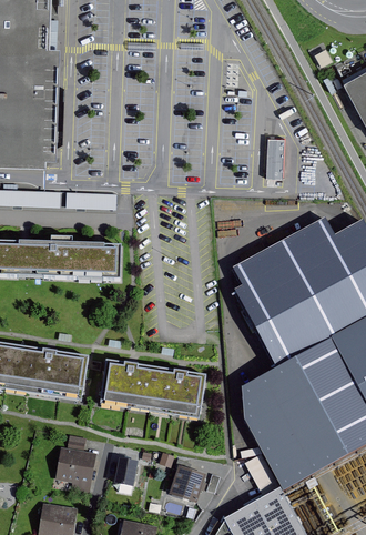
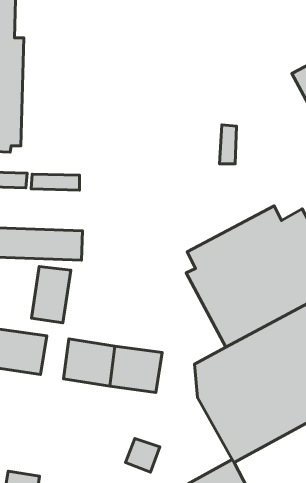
building: none -> [32,267,71,323]
building: [55,446,96,484] -> none
building: [116,453,140,488] -> none

